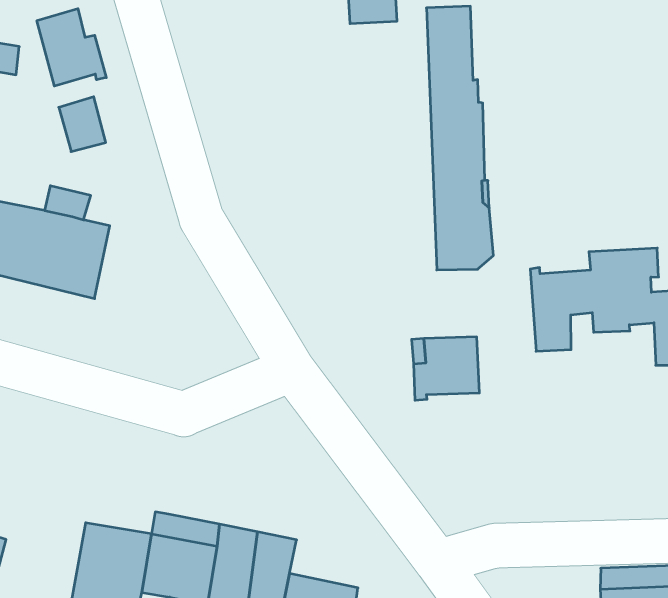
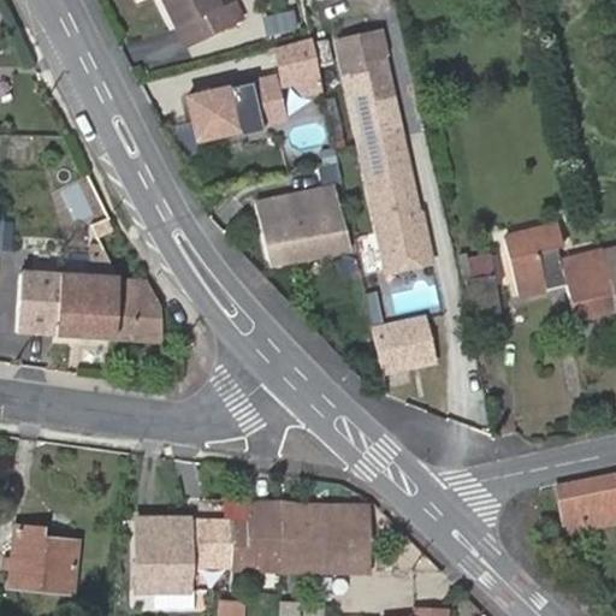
building: [37,9,106,86] -> none
building: none -> [188,73,283,135]
building: none -> [257,185,349,263]
building: none -> [117,277,162,340]
building: none -> [309,503,366,533]

